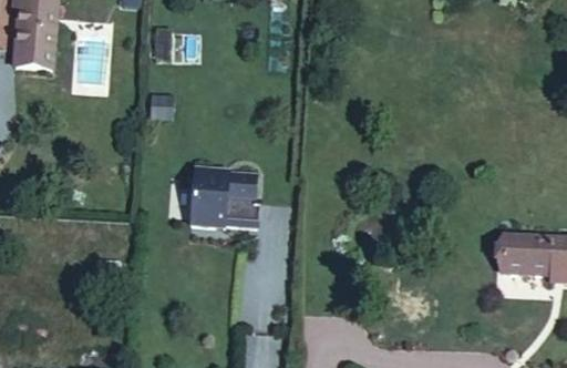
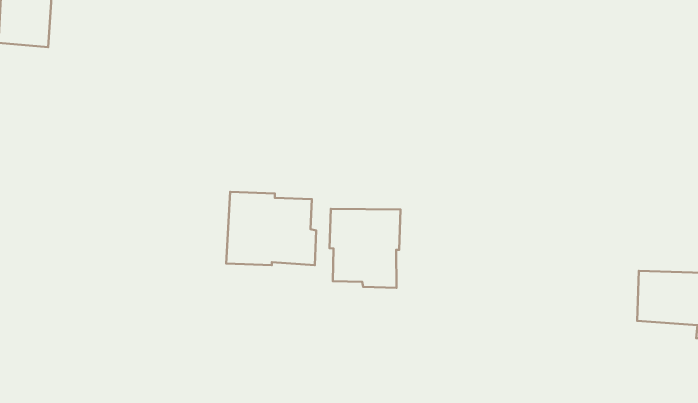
building: none -> [329,209,400,288]

